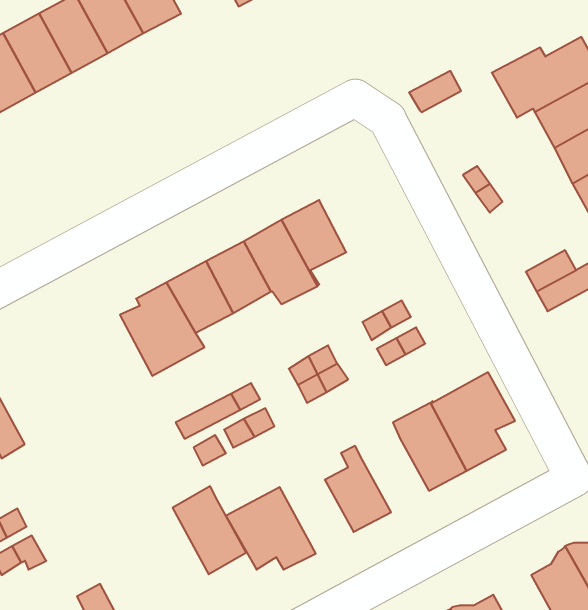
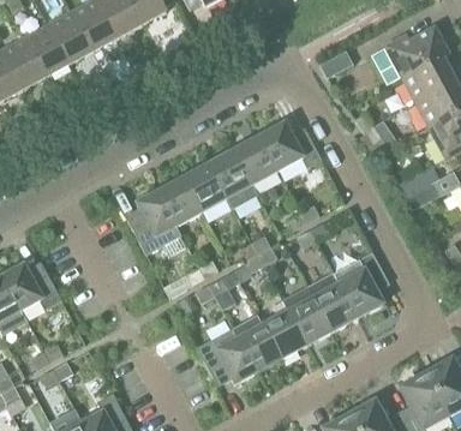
building: none -> [258,121,321,170]
building: none -> [287,295,331,345]
building: [173,486,246,574] -> [232,313,281,372]

